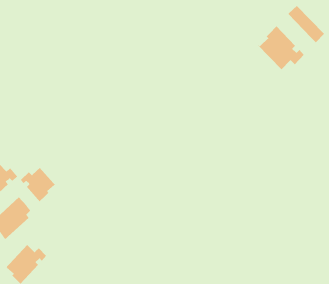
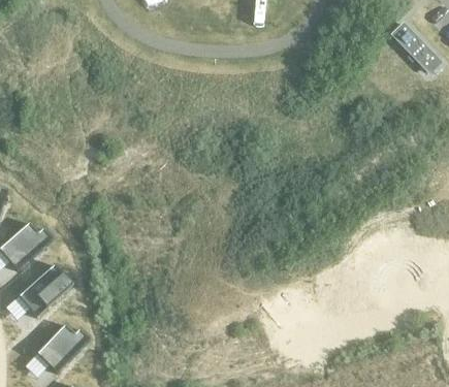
building: [257,25,305,70] -> none
building: [20,167,57,202] -> none

